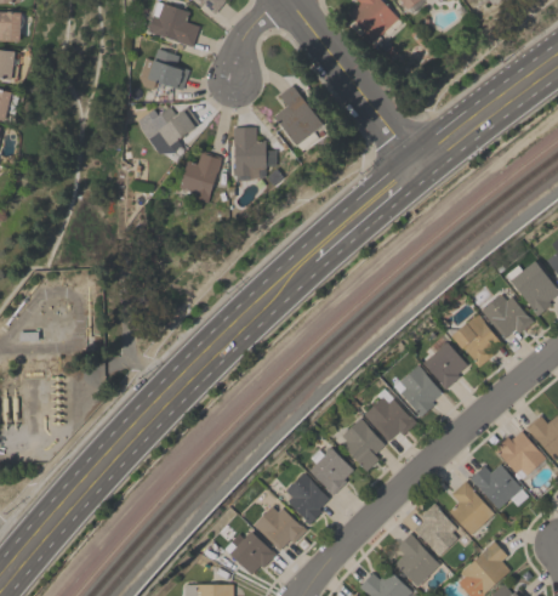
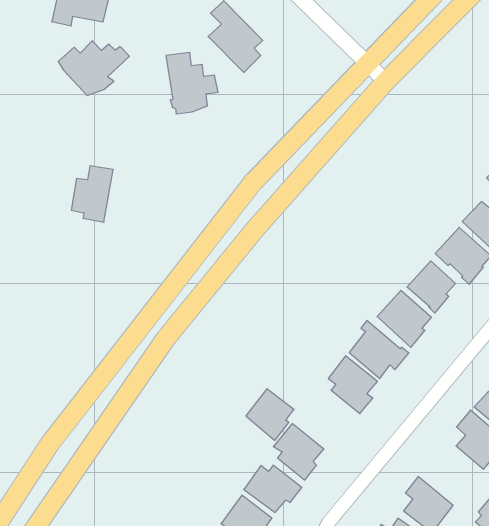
building: [180,151,222,203] -> [71,166,113,222]
building: [309,448,353,495] -> [246,389,294,440]
building: [414,504,457,555] -> none

